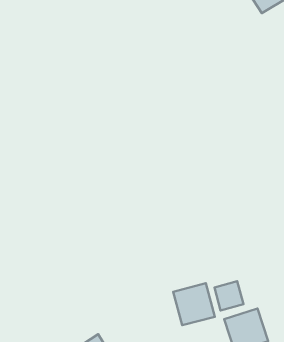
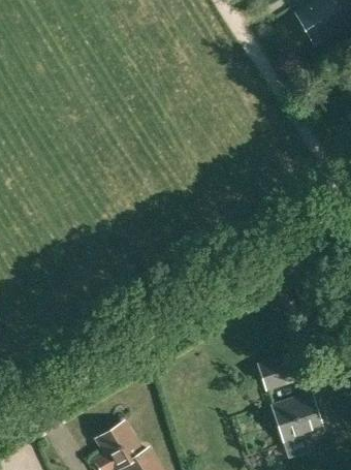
building: [173,283,215,325] -> none

